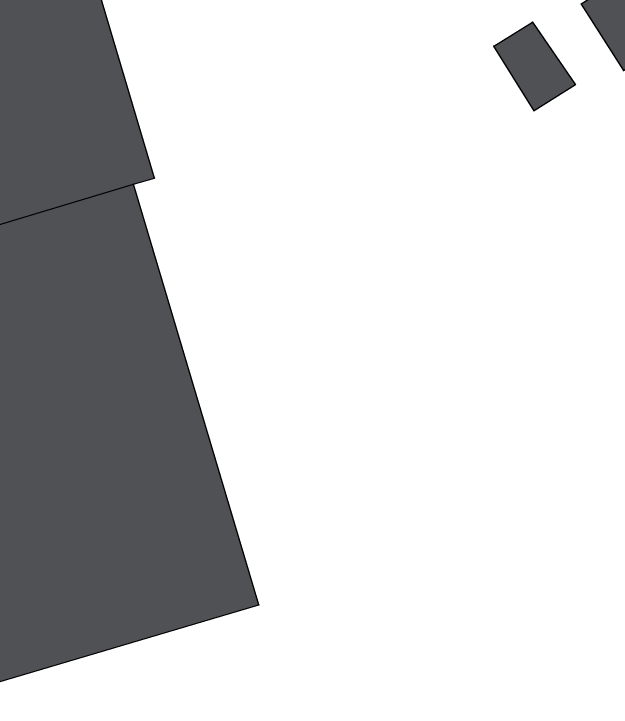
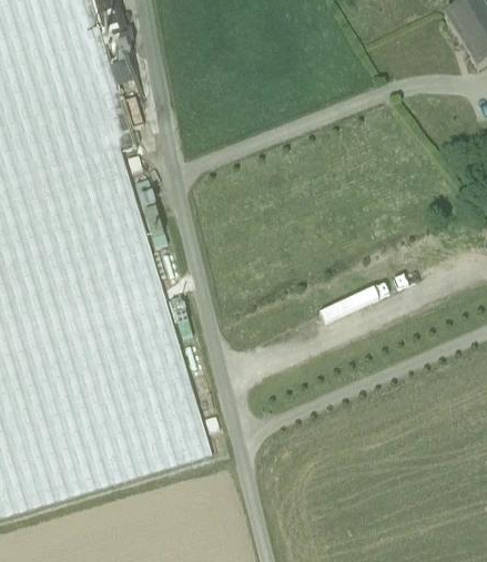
building: [494,22,575,111] -> none

